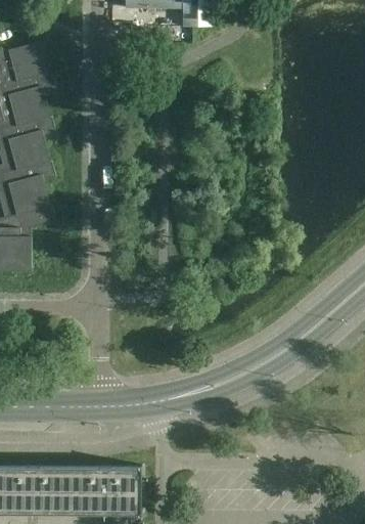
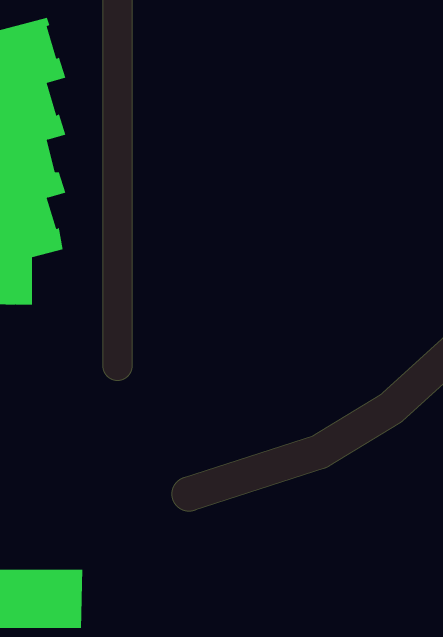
building: [69,467,142,516] -> none

